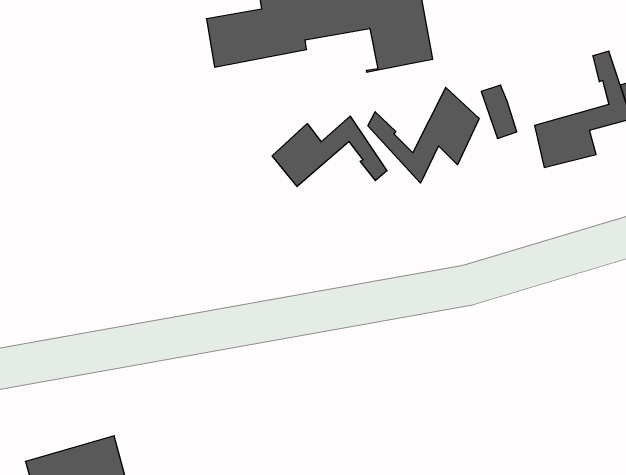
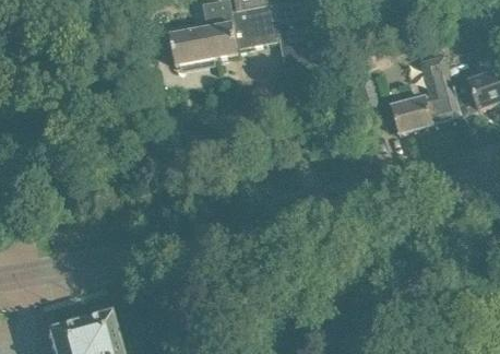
building: [368,87,479,183] -> none
building: [272,116,387,187] -> none

